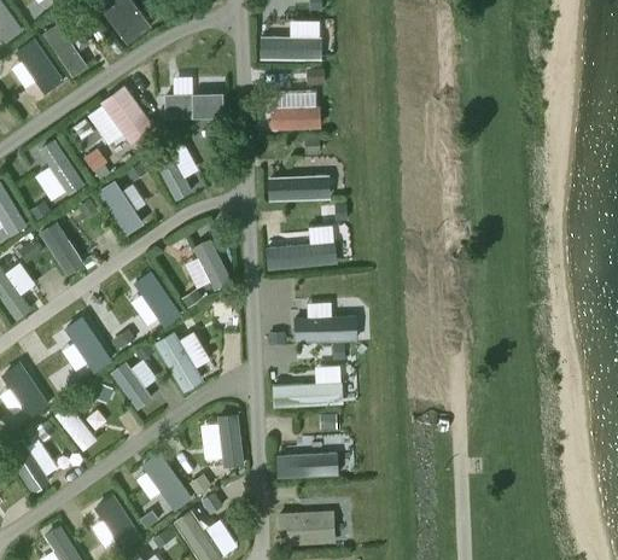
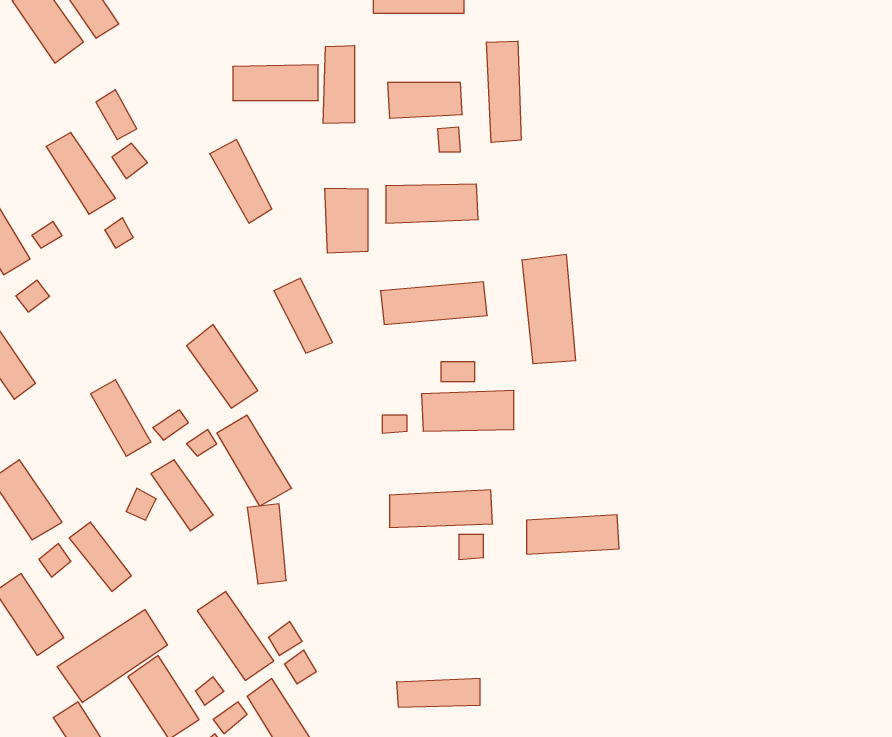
building: none -> [486,41,521,143]
building: none -> [323,45,354,123]
building: [99,86,153,145] -> none
building: none -> [325,188,368,253]
building: [97,180,144,235] -> none
building: [37,222,83,276] -> none
building: none -> [522,254,576,364]
building: [216,414,243,468] -> [247,504,286,584]
building: [274,453,337,479] -> [527,515,619,554]
building: none -> [57,610,167,703]

